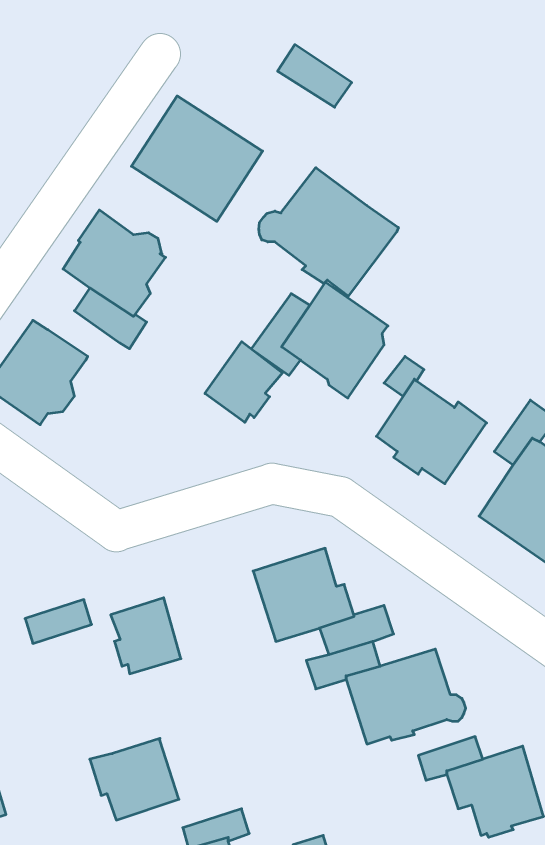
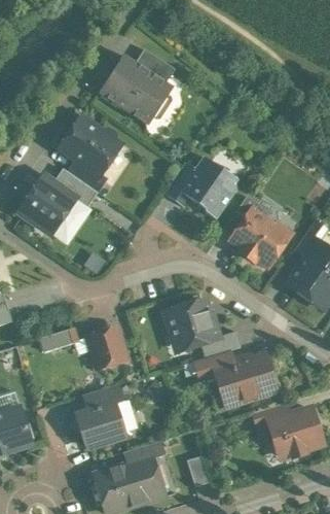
building: [278,45,352,107] -> [135,47,175,81]
building: [259,168,398,296] -> none
building: none -> [53,168,93,204]
building: [205,342,282,422] -> none
building: none -> [83,384,124,411]

